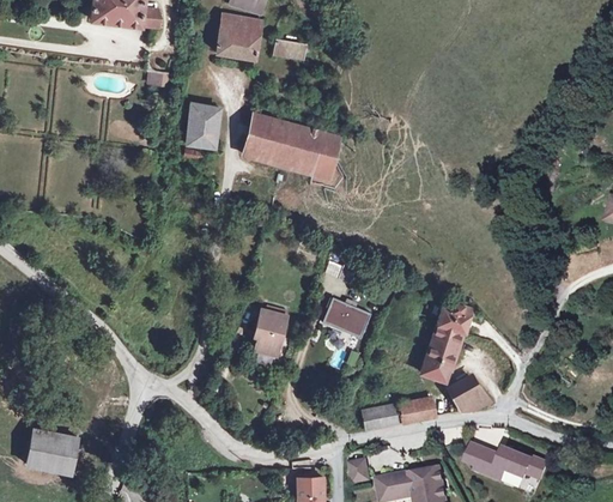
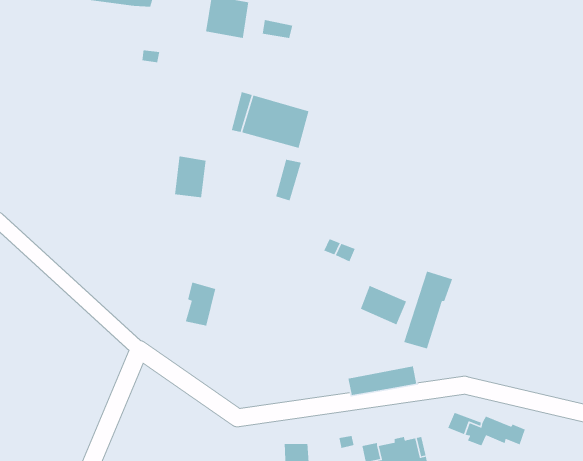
building: [186,102,219,146] -> [174,155,207,198]
building: [312,133,340,177] -> [275,159,302,202]
building: [322,296,371,338] -> [360,285,407,325]
building: [254,308,286,355] -> [185,281,216,327]
building: [450,375,488,411] -> none
building: [26,428,78,472] -> none

